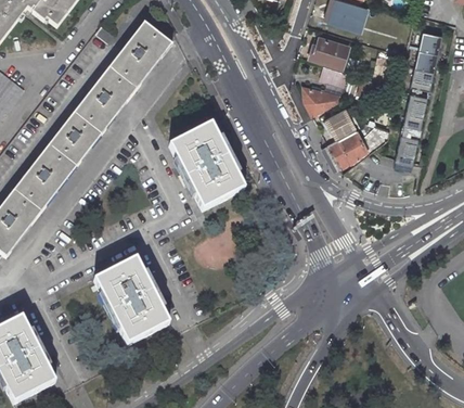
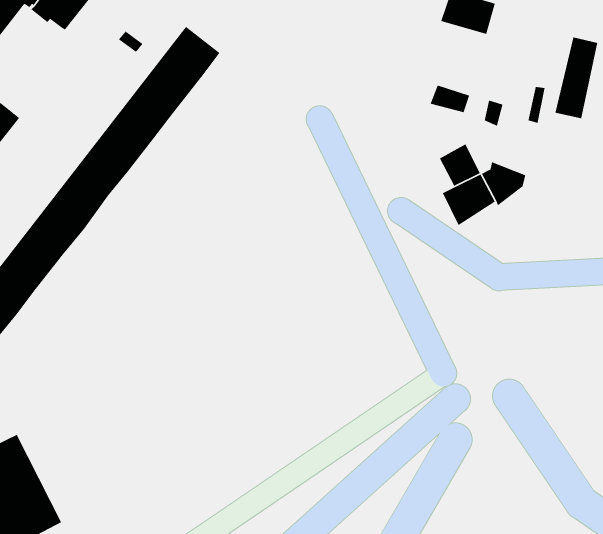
building: [309,35,349,65] -> none
building: [304,85,341,114] -> none
building: [403,91,427,127] -> none
building: [169,123,245,209] -> none
building: [394,132,417,169] -> none
building: [94,257,169,343] -> none

